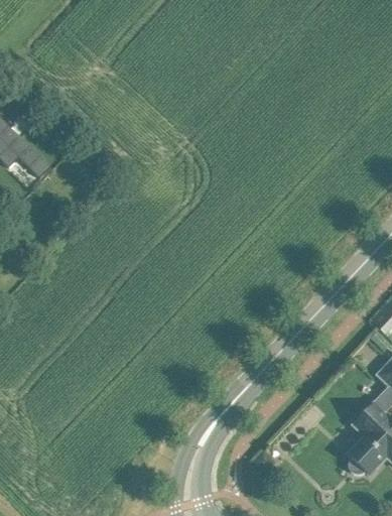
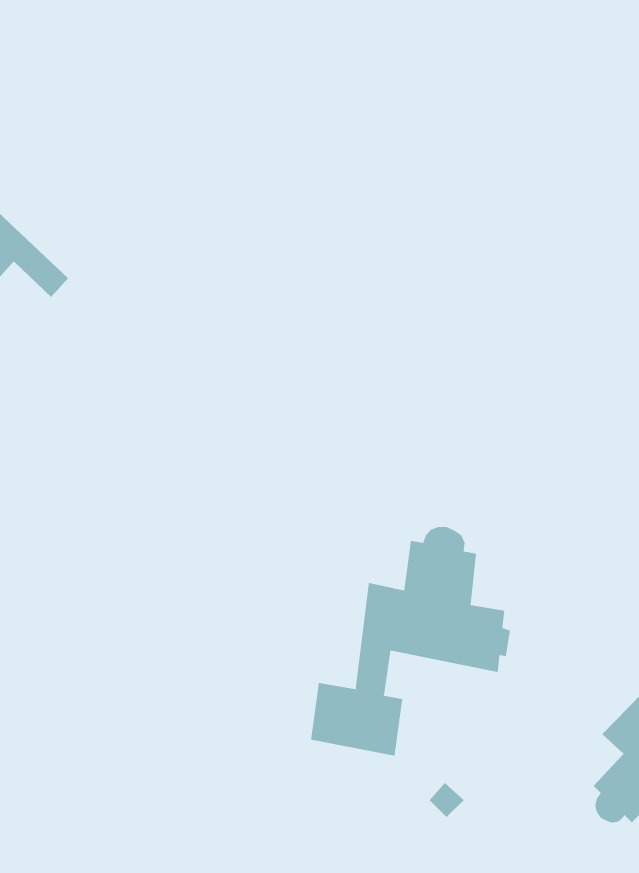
building: none -> [311,526,511,756]

